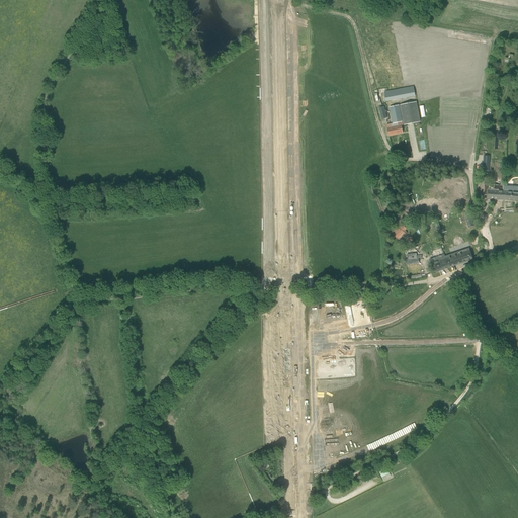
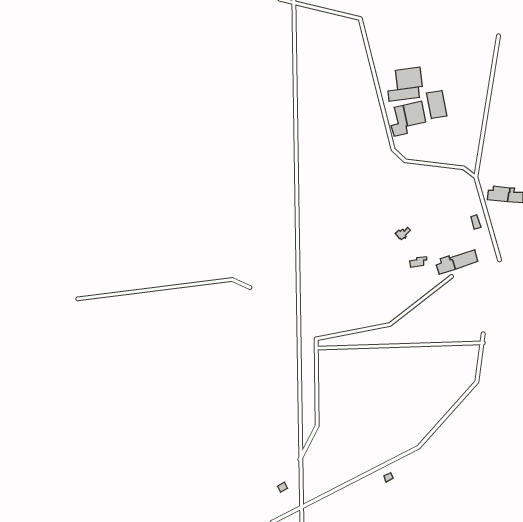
building: none -> [396,67,422,90]
building: none -> [426,90,447,119]

